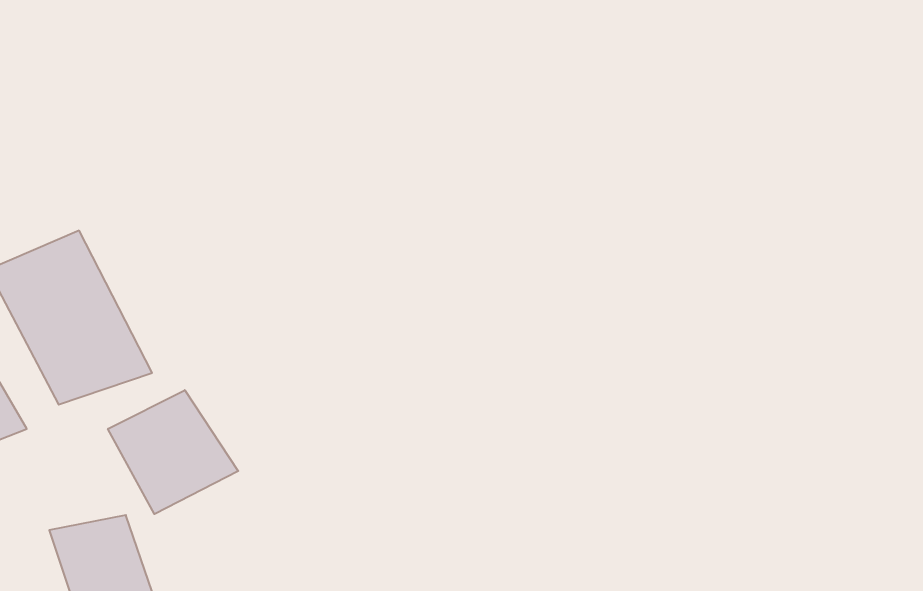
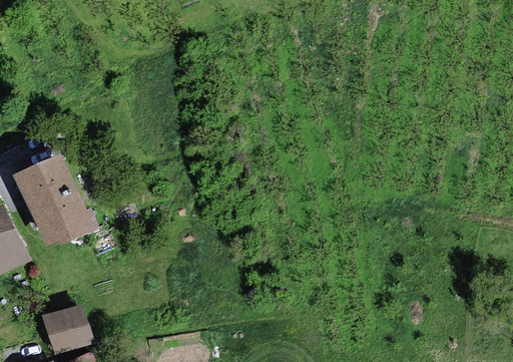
building: [108,390,238,514] -> none

